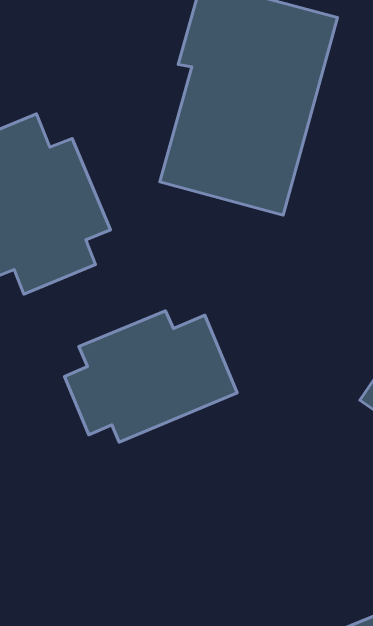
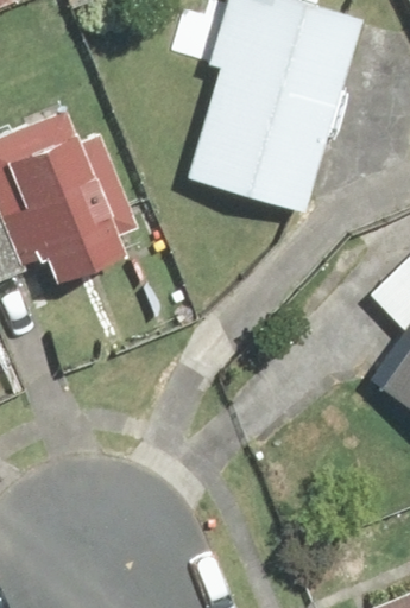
building: [64,311,237,442] -> none

